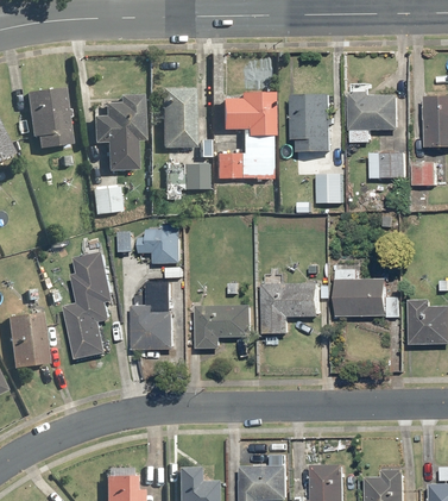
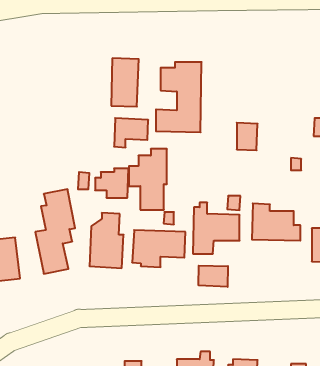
building: [26,88,70,148] -> none
building: [349,92,400,143] -> none
building: [292,94,332,151] -> none
building: [93,95,140,171] -> [129,149,167,210]
building: [371,152,405,177] -> none
building: [93,188,120,213] -> none
building: none -> [199,266,228,287]

